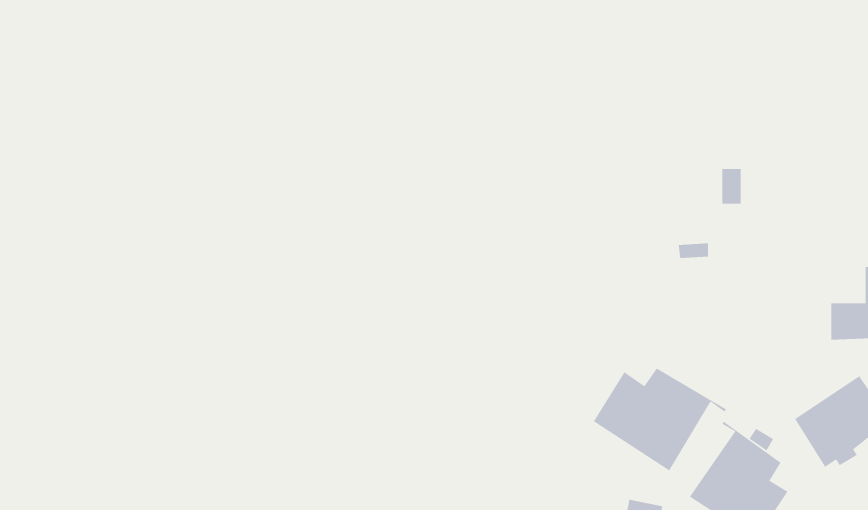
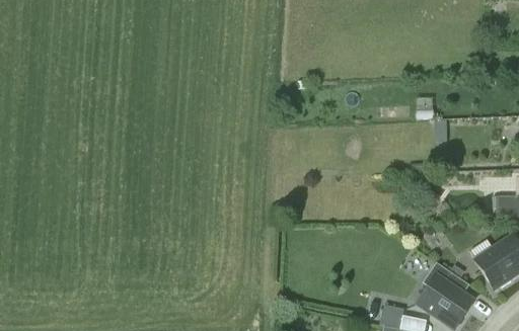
building: [593,368,727,471] -> none

